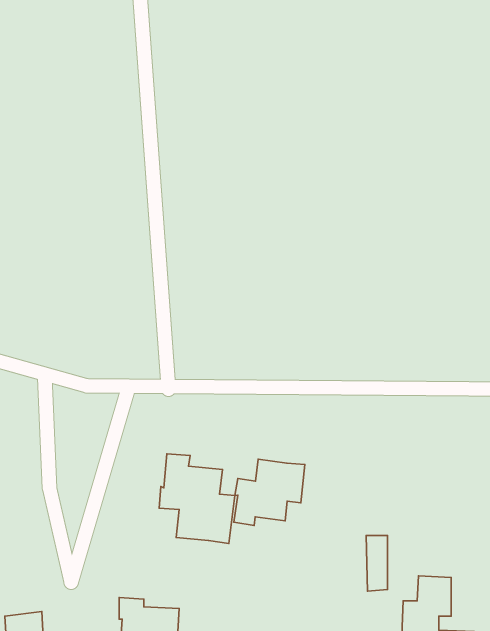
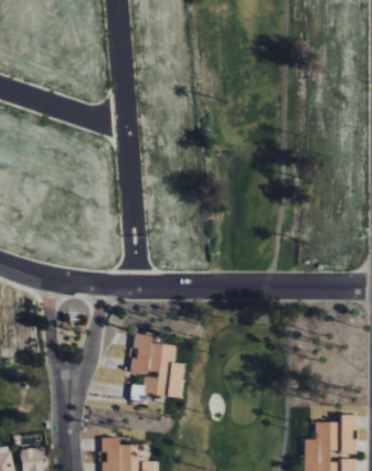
building: [234,459,305,525] -> none
building: [366,535,388,591] -> [340,415,355,454]

